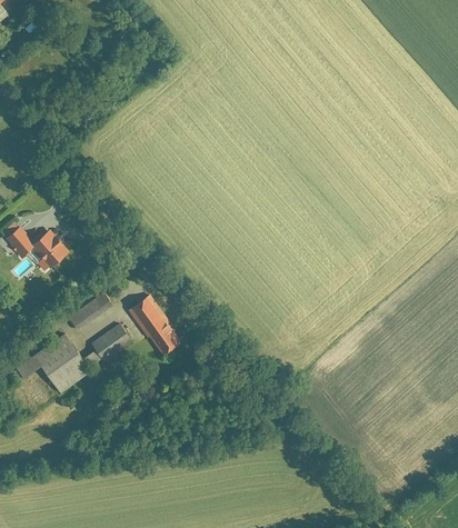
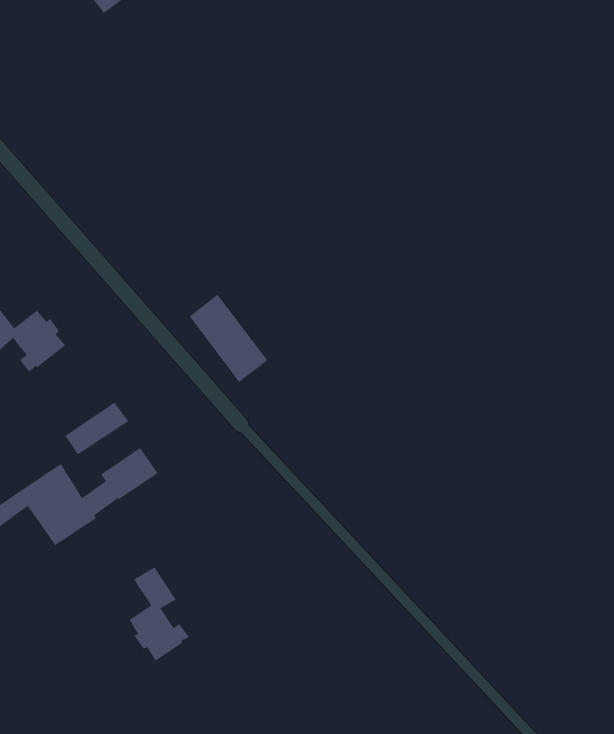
building: [129,293,183,355] -> [189,294,268,383]
building: none -> [129,567,189,662]

